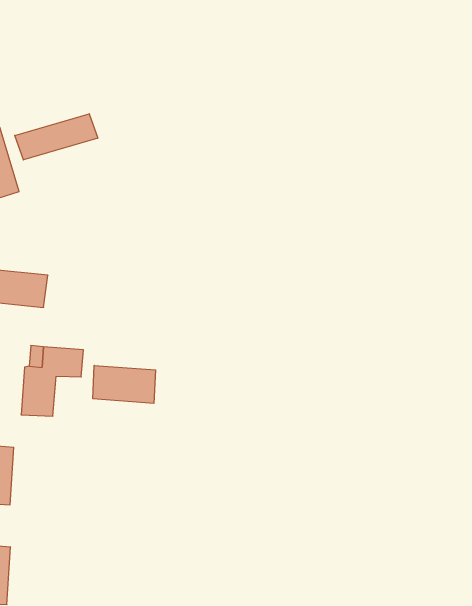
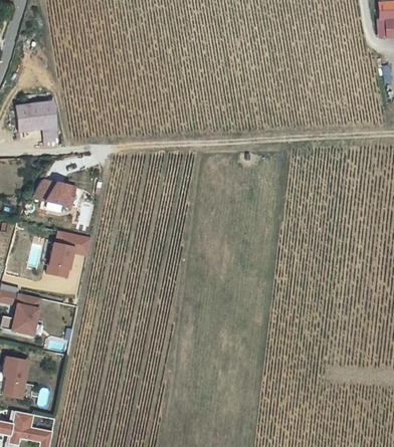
building: [15,114,98,160] -> none
building: [93,365,155,403] -> none

